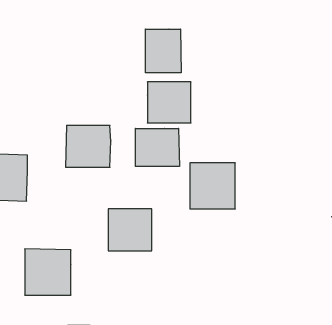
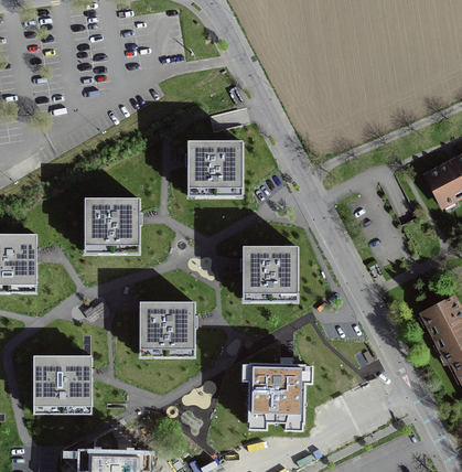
building: [145,29,181,73] -> none
building: [135,128,179,166] -> none
building: none -> [247,363,303,422]

